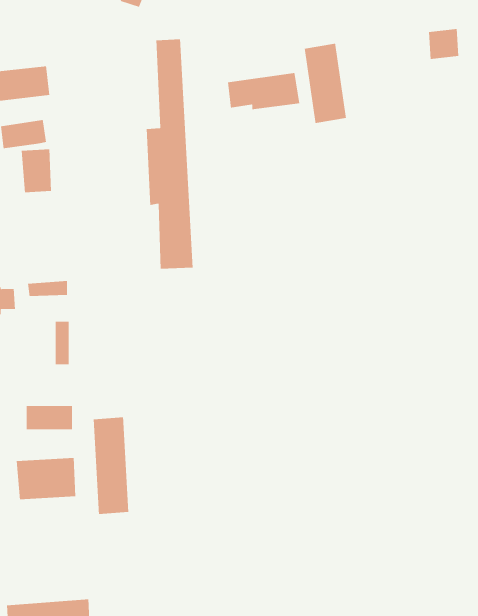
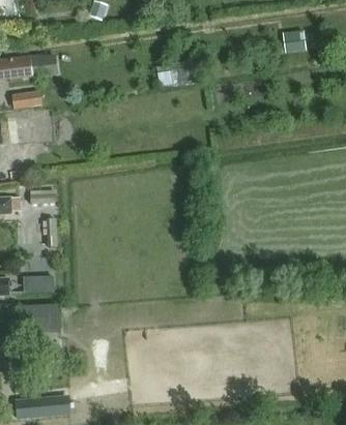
building: [146,38,193,269] -> none
building: [304,43,346,124] -> none
building: [93,417,129,515] -> none

